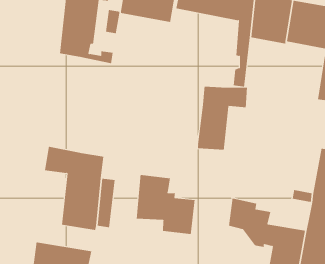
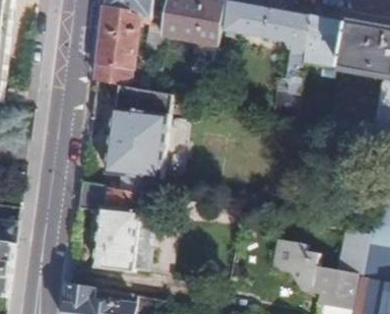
building: none -> [106,84,173,192]
building: [197,86,248,150] -> none
building: [136,174,195,235] -> none

